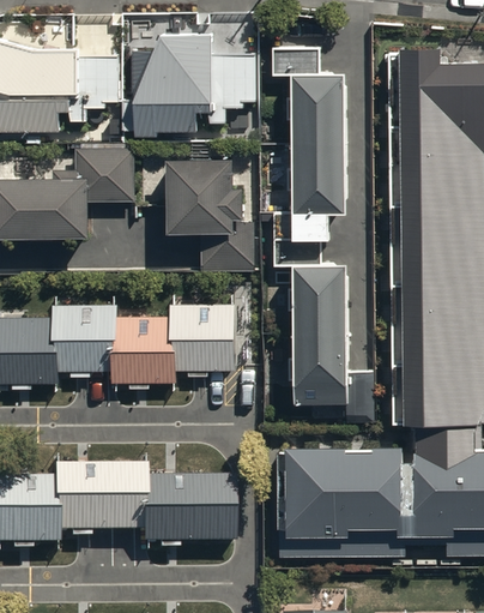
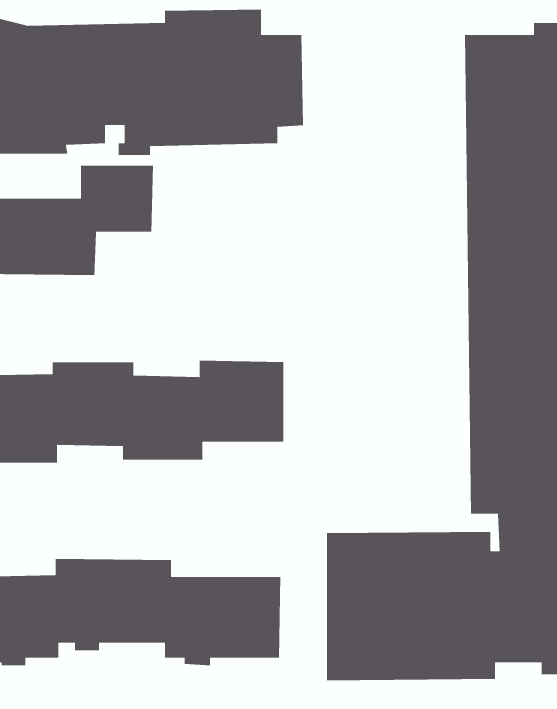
building: [273,46,346,238] -> none
building: [168,156,258,271] -> none
building: [292,262,376,416] -> none

